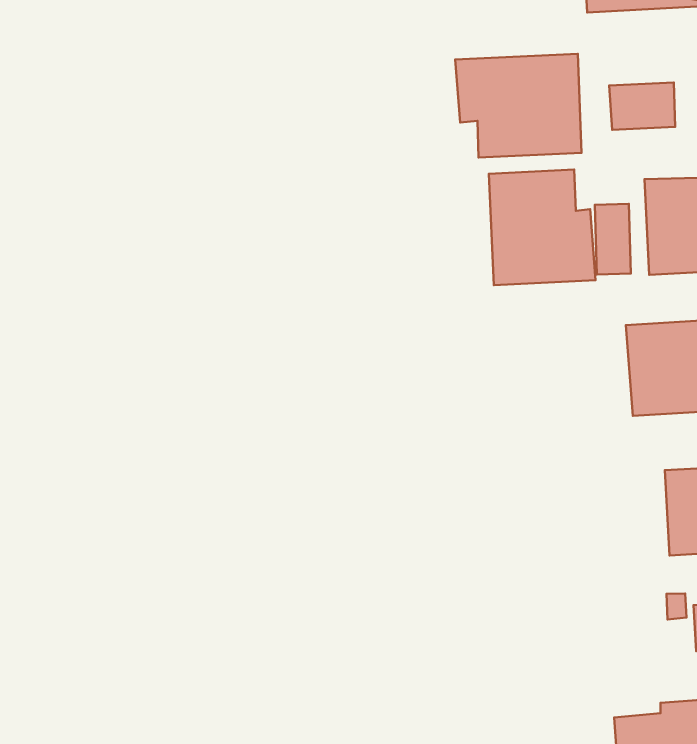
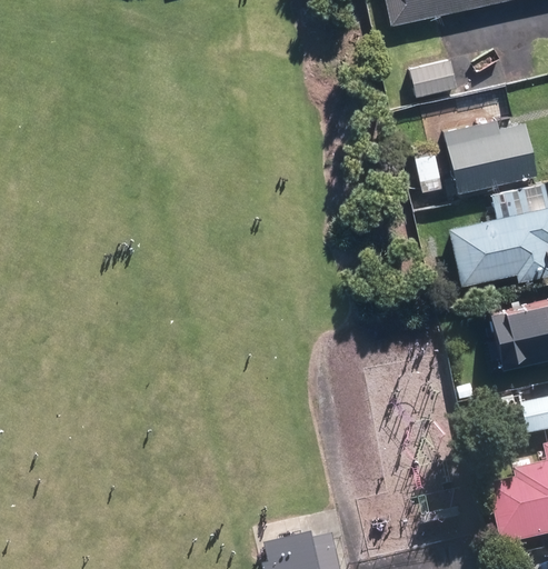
building: [455,54,581,158] -> none
building: [489,170,595,285] -> none

